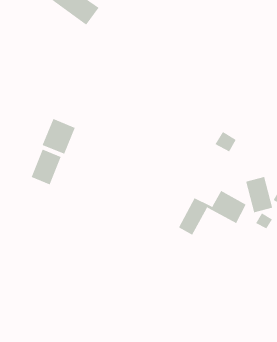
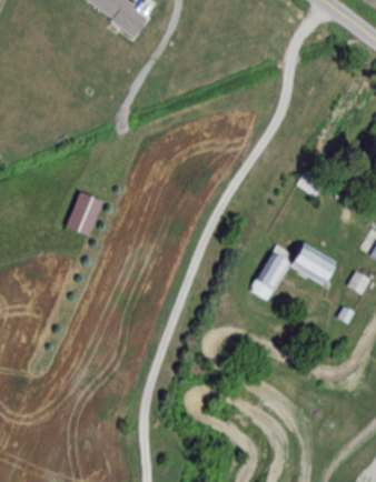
building: [42,118,76,155] -> none
building: [246,176,273,213] -> none

